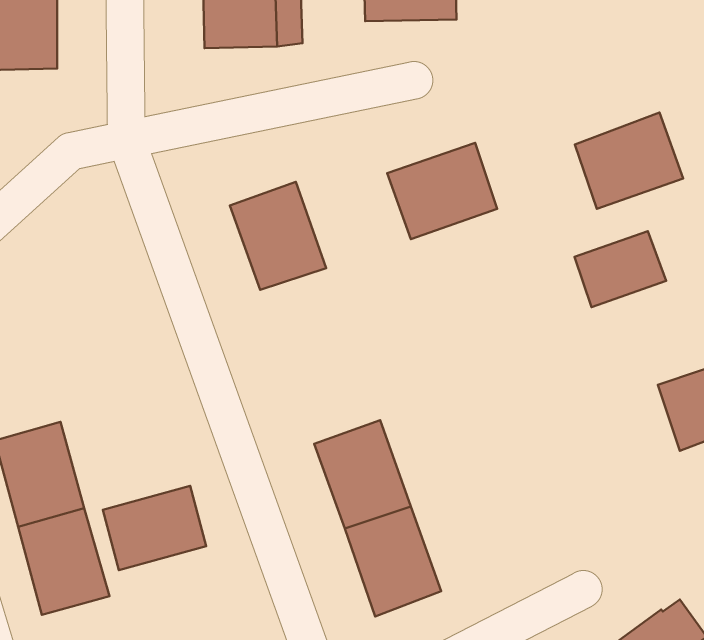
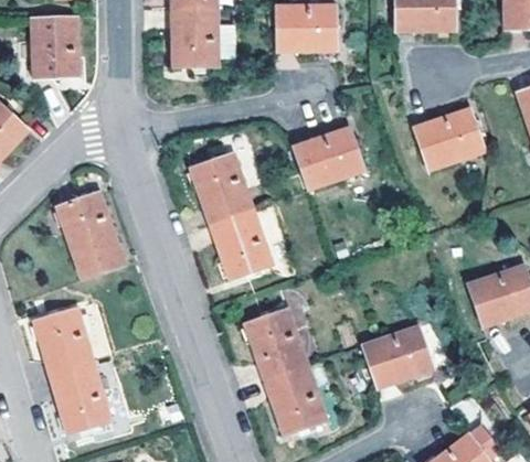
building: [575,231,666,307] -> none
building: none -> [55,193,125,281]
building: none -> [209,208,272,279]
building: none -> [360,325,433,389]
building: [103,486,206,570] -> none

